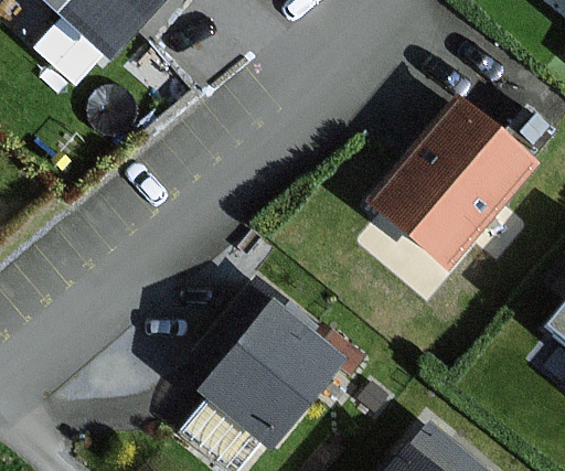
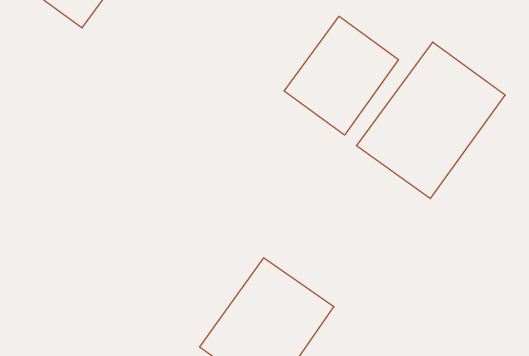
building: none -> [284,16,398,135]

